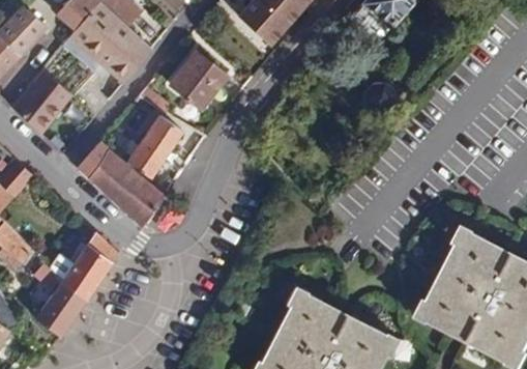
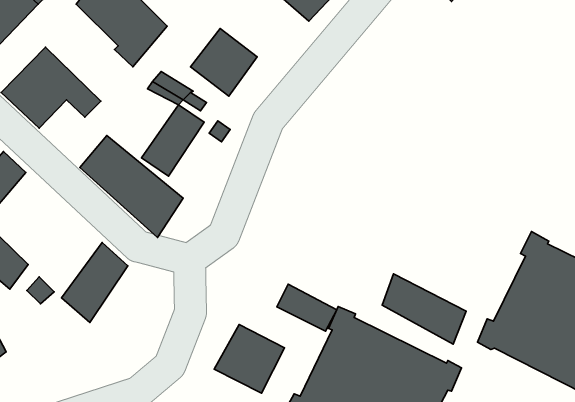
building: none -> [382,274,466,344]
building: none -> [277,284,337,331]
building: [34,279,86,337] -> none
building: none -> [214,324,285,393]

